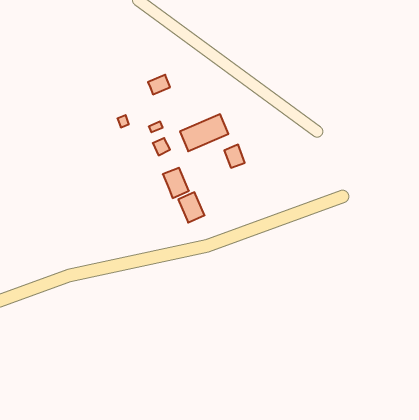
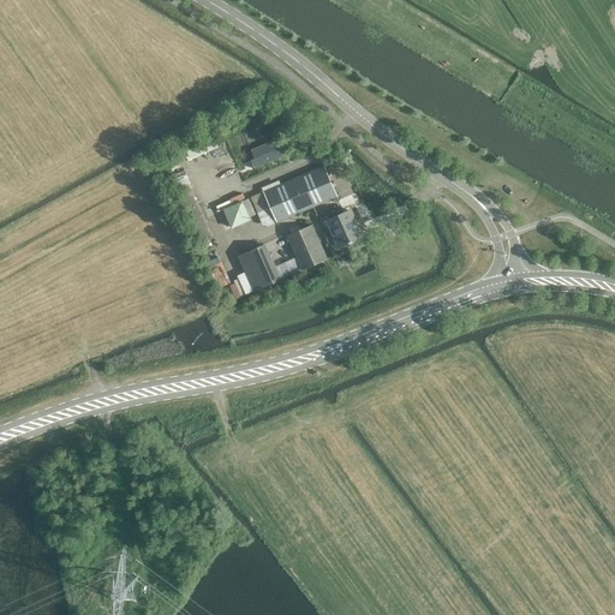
building: [148,75,170,94] -> [250,139,282,168]
building: [178,192,205,223] -> [287,225,326,269]

